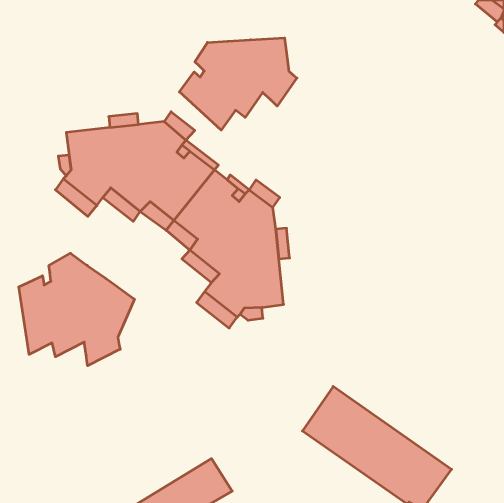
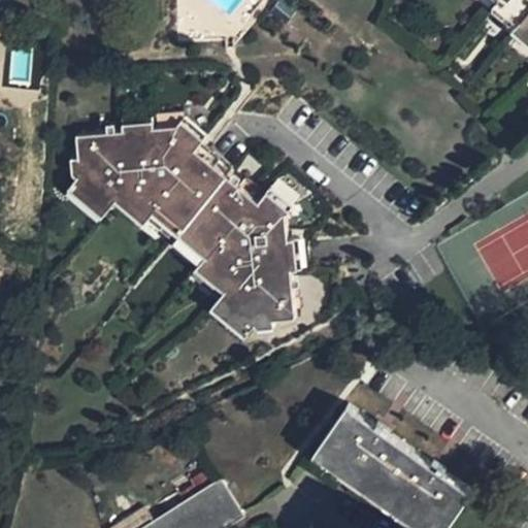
building: [179,38,297,130] -> none
building: [19,253,134,366] -> none

